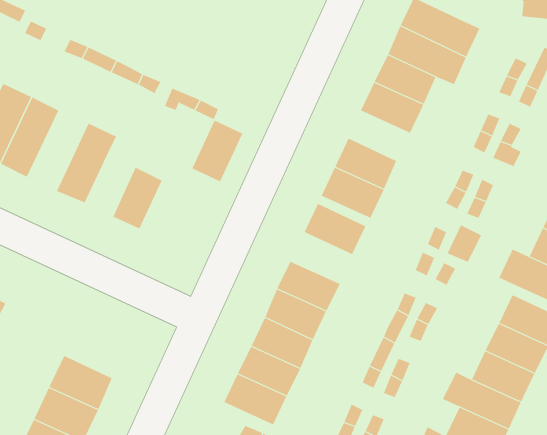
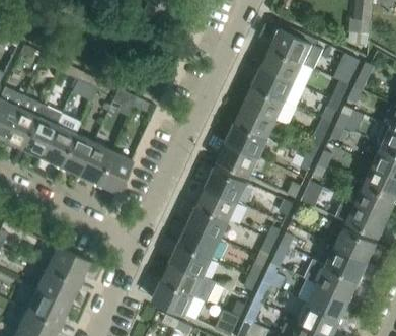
building: none -> [21,105,62,158]
building: none -> [235,105,276,138]
building: [191,120,243,182] -> [96,151,131,193]
building: none -> [60,134,93,176]
building: none -> [196,186,238,220]
building: none -> [46,246,88,283]

